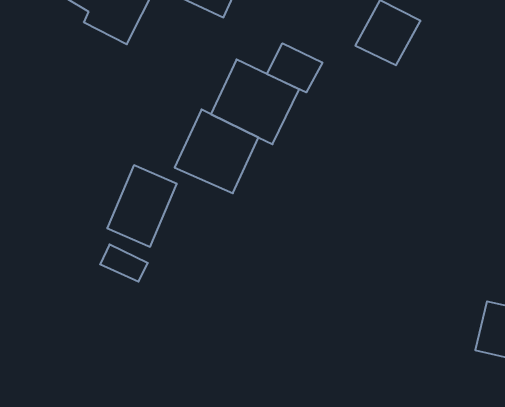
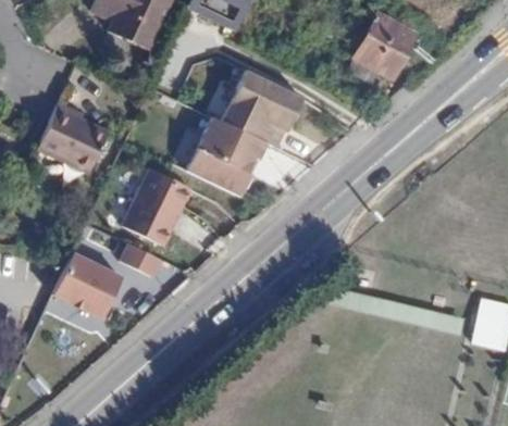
building: [267,43,322,92] -> none
building: none -> [38,111,110,180]
building: none -> [57,253,124,317]

